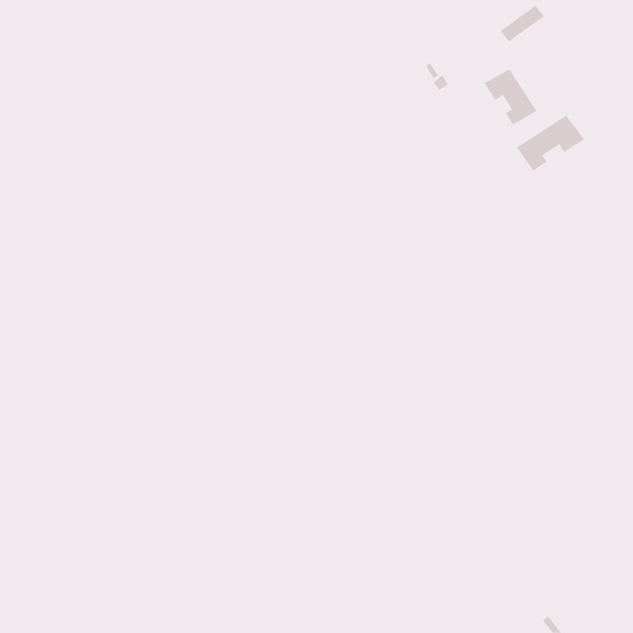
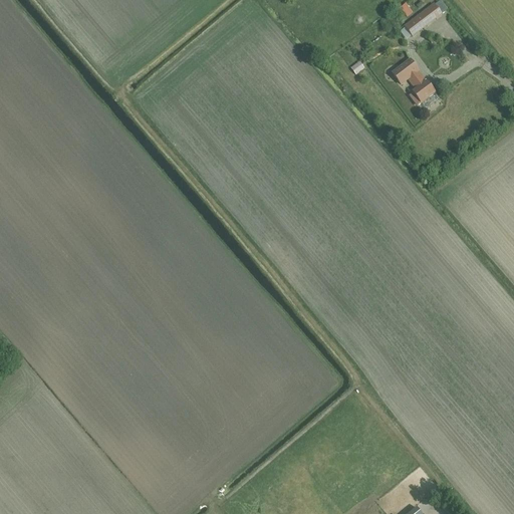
building: [516,115,585,172] -> none

